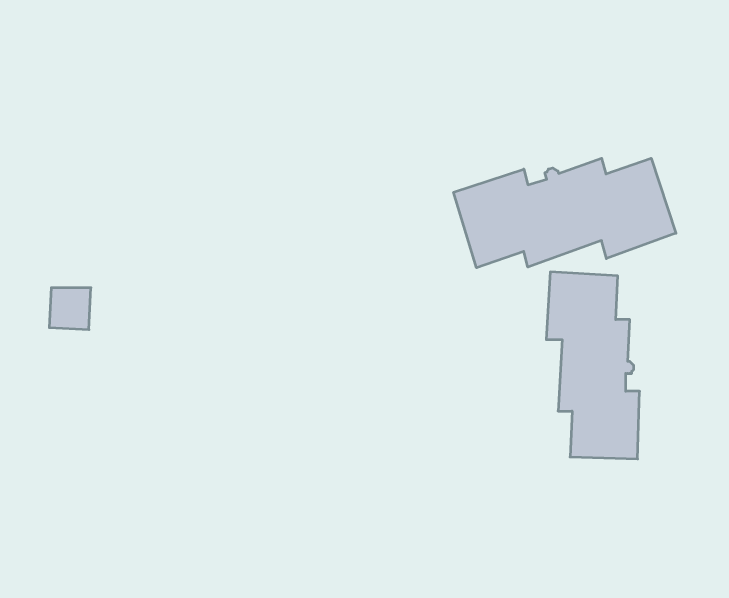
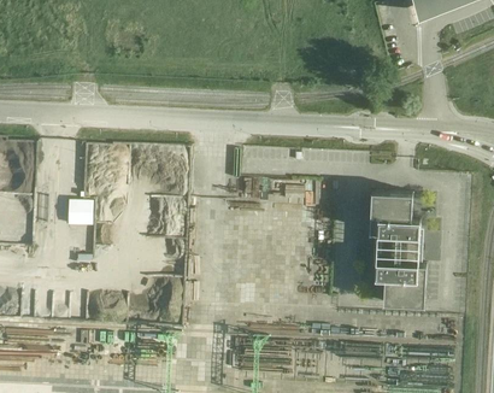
building: [454,158,676,268] -> none

